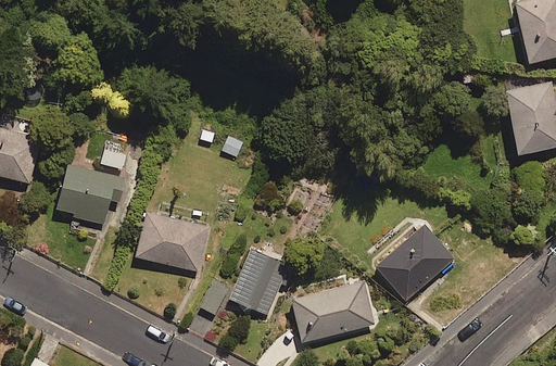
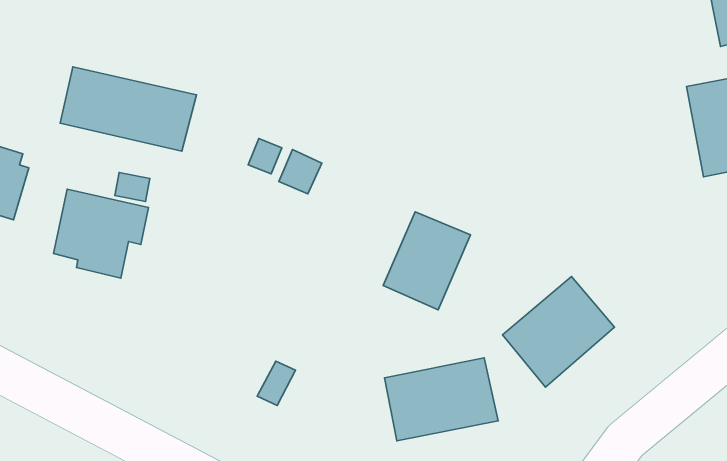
building: none -> [60,67,196,151]
building: [135,210,210,273] -> none
building: [228,247,290,316] -> [383,212,470,310]

